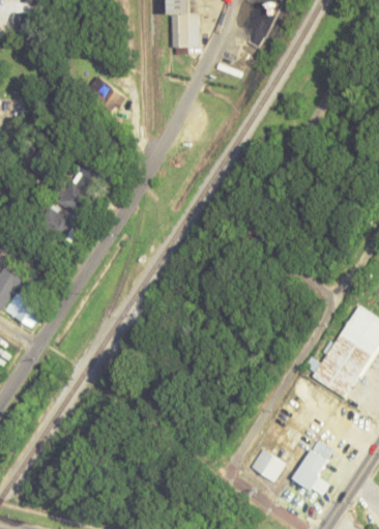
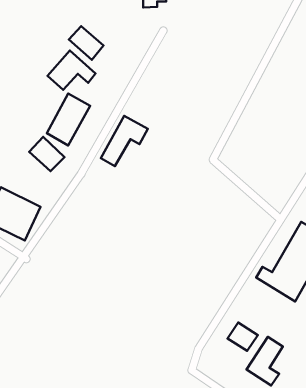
building: none -> [48,51,96,90]
building: none -> [101,116,148,166]
building: [249,448,284,481] -> [228,323,258,351]

